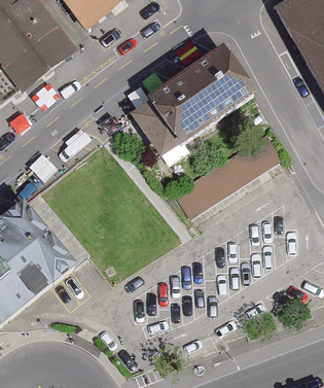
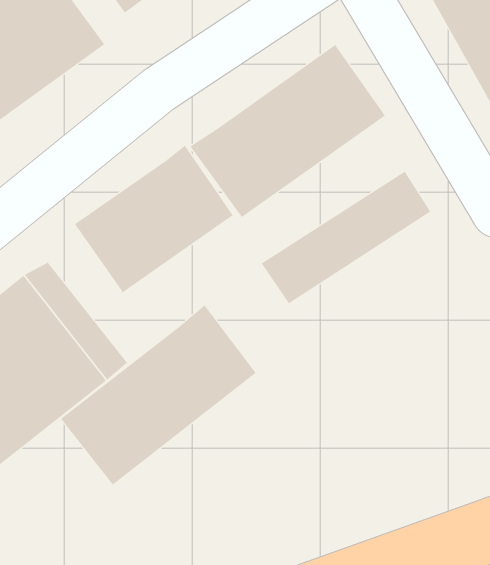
building: none -> [74,145,234,293]
building: none -> [60,305,256,485]

